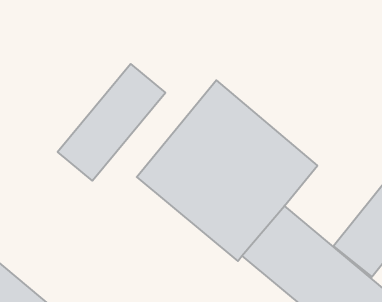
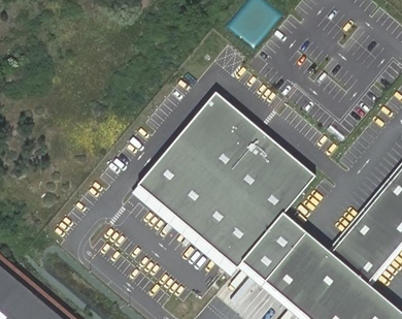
building: [58,64,165,181] -> none

